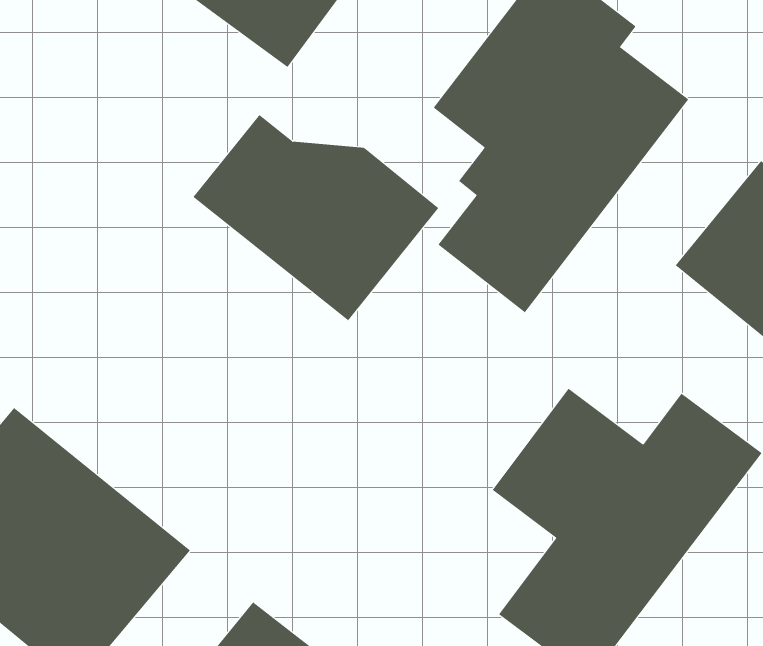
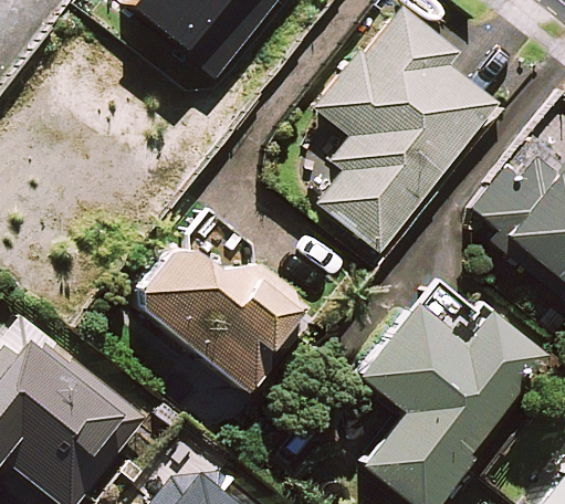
building: [192,114,439,321] -> [133,242,304,386]

